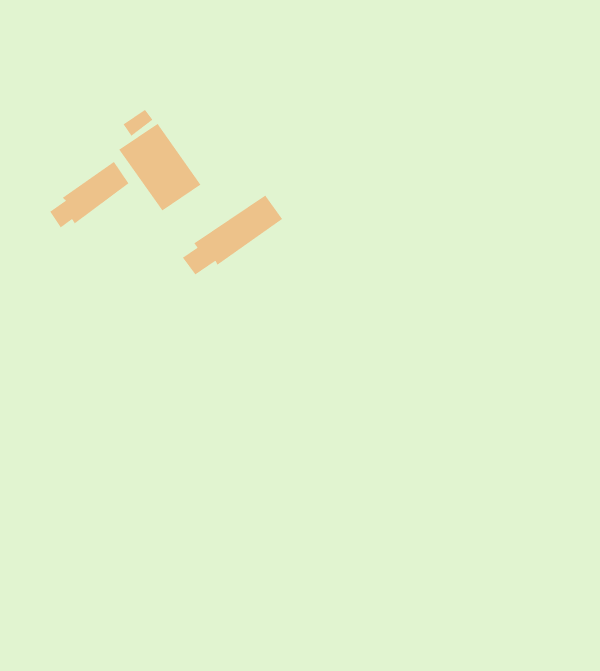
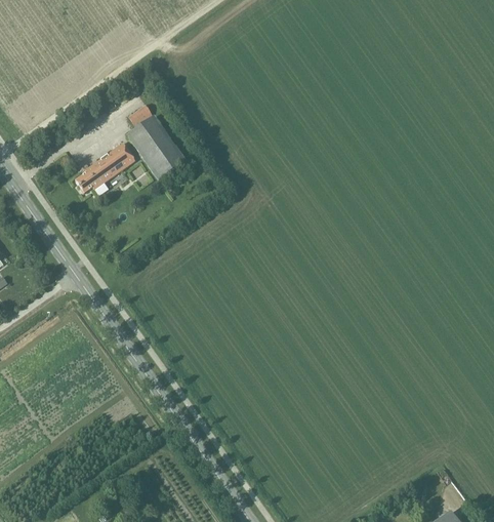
building: [182,195,283,276] -> none

